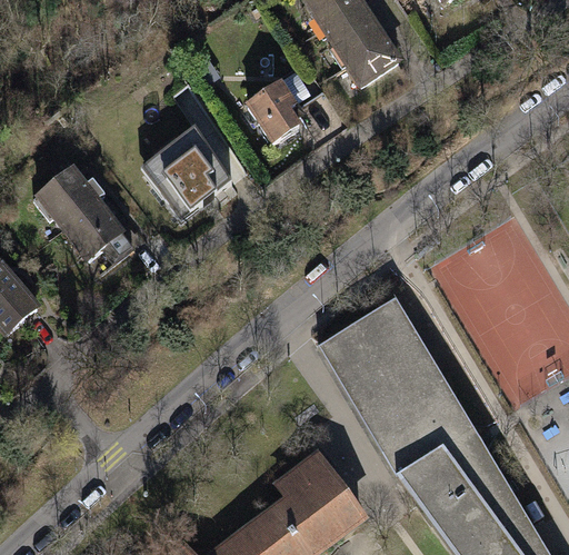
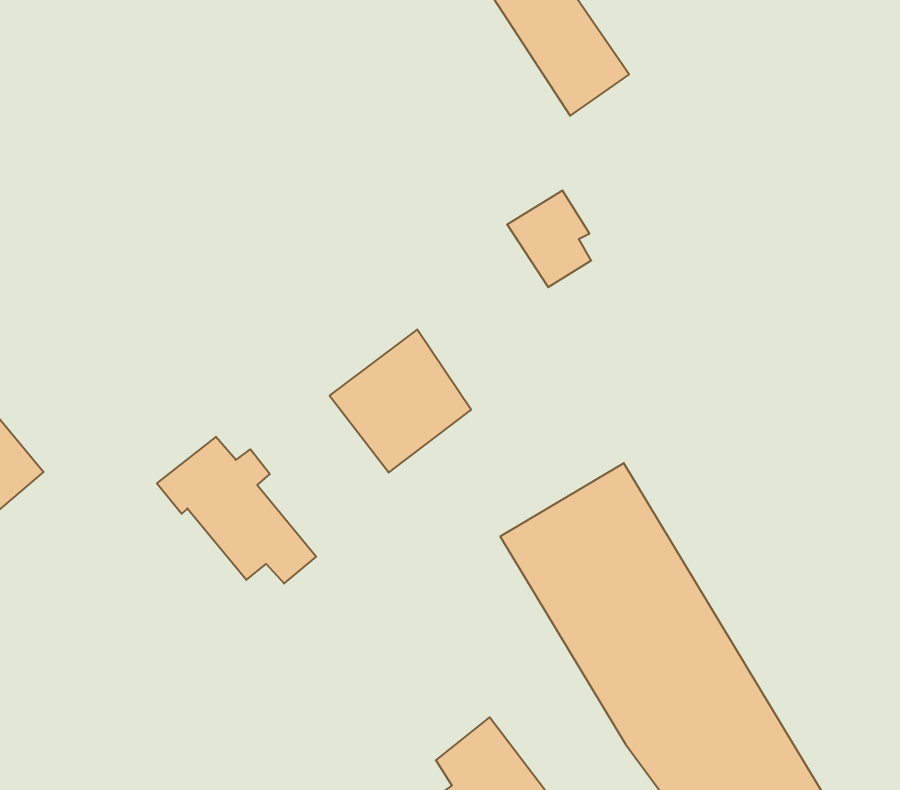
building: [247,81,299,141] -> [507,191,591,287]
building: [144,129,232,218] -> [330,329,471,473]
building: [34,169,133,260] -> [157,437,316,584]

